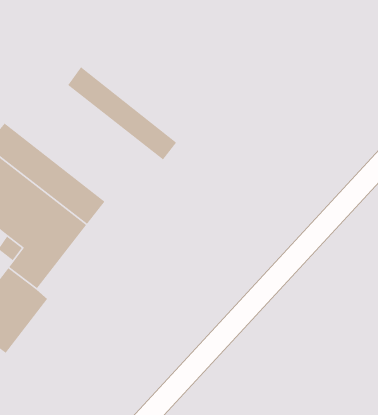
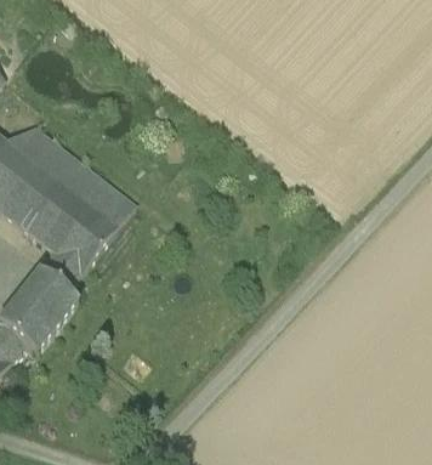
building: [67,66,177,160] -> none

